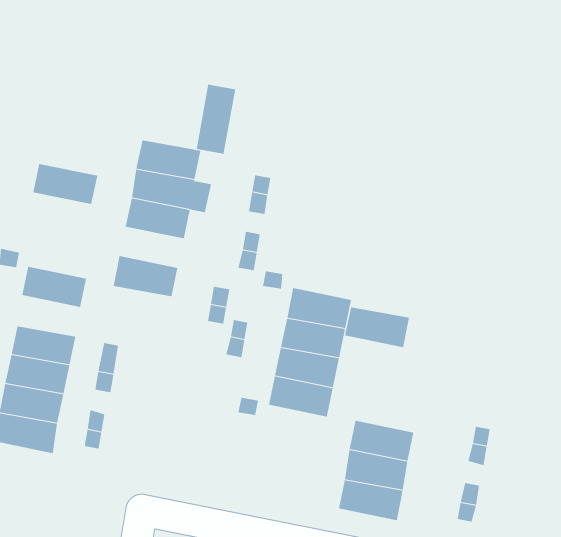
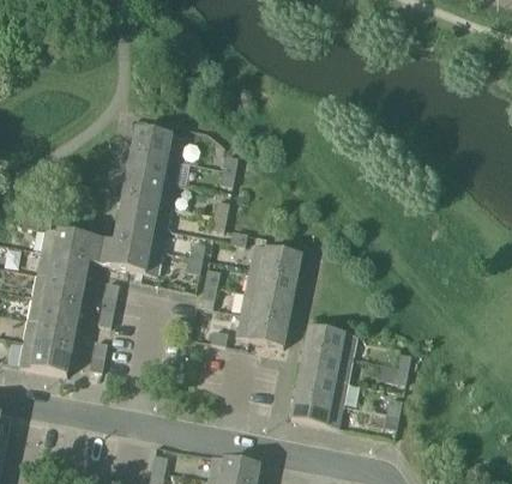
building: [196,84,236,154] -> none
building: [33,163,98,205] -> [118,195,169,228]
building: none -> [109,242,159,273]
building: none -> [37,249,88,282]
building: [344,307,410,348] -> [303,325,355,357]

